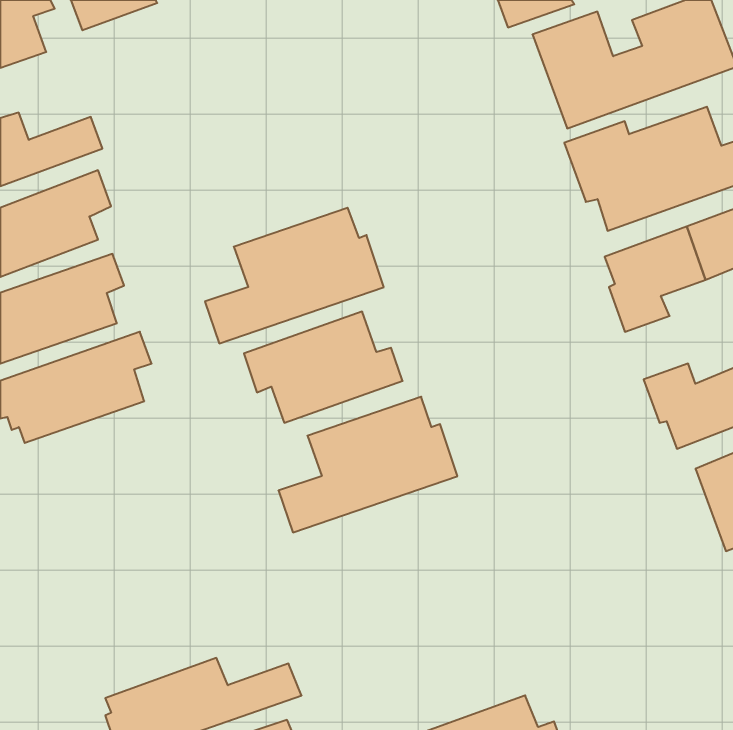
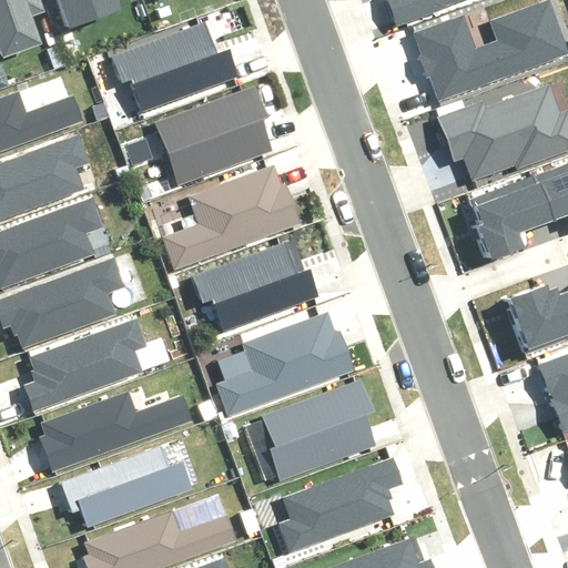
building: none -> [112,23,235,108]
building: none -> [155,85,271,184]
building: none -> [22,316,149,408]
building: none -> [260,383,375,481]
building: none -> [40,393,191,471]
building: none -> [61,444,192,528]
building: none -> [276,459,398,554]

